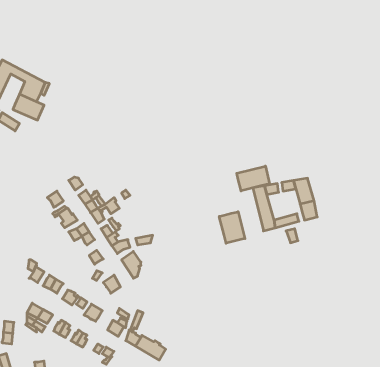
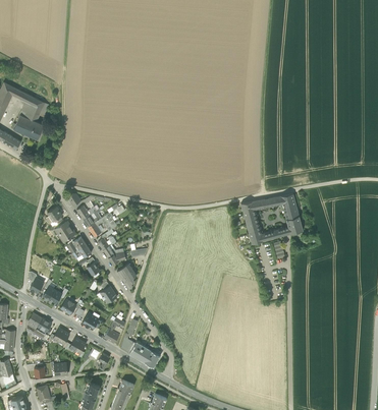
building: [237,166,270,191] -> none
building: [219,212,245,243] -> none

